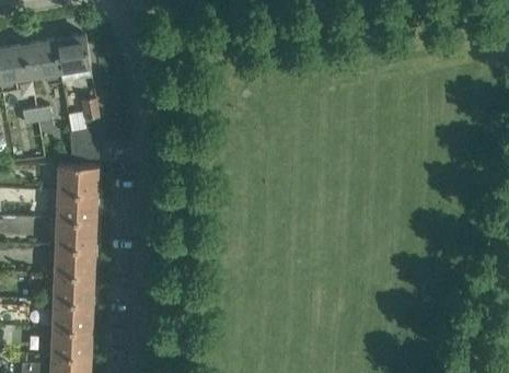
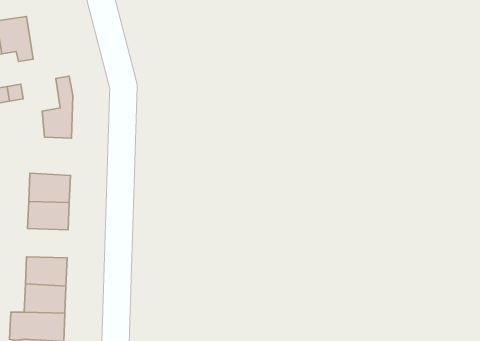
building: [54,35,91,82] -> none
building: [57,164,97,195] -> none
building: [54,246,94,275] -> none

